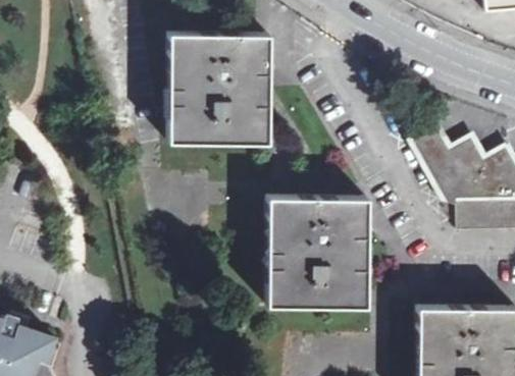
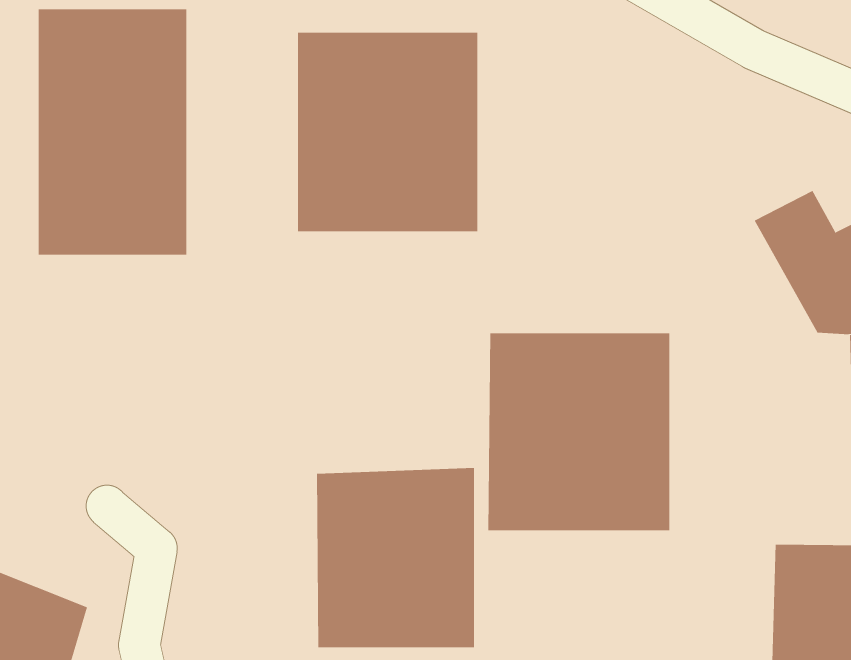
building: none -> [38,9,187,256]
building: none -> [316,467,475,648]

